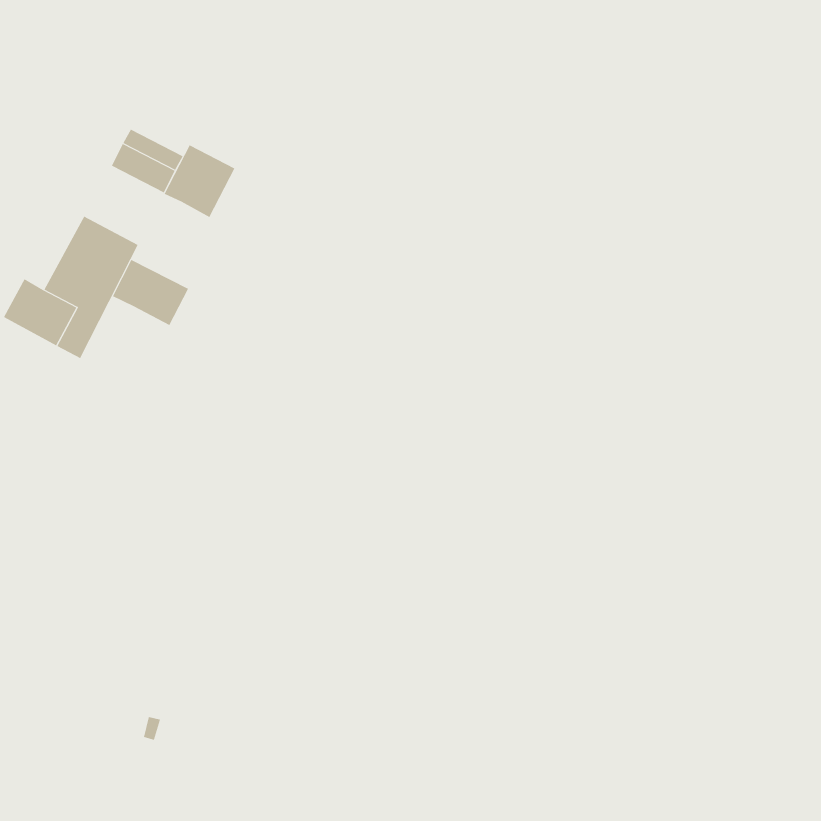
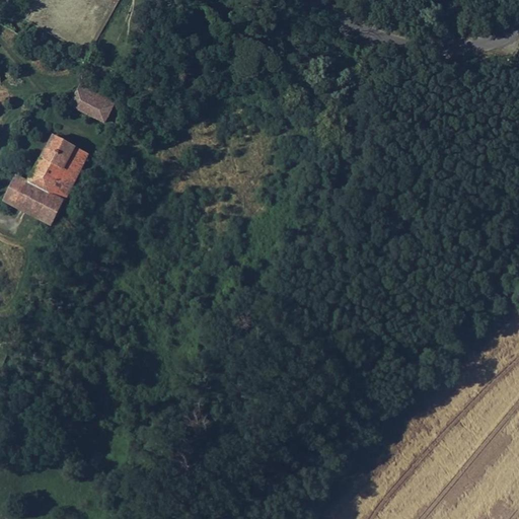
building: [164,145,235,218] -> none
building: [112,259,189,326] -> none

